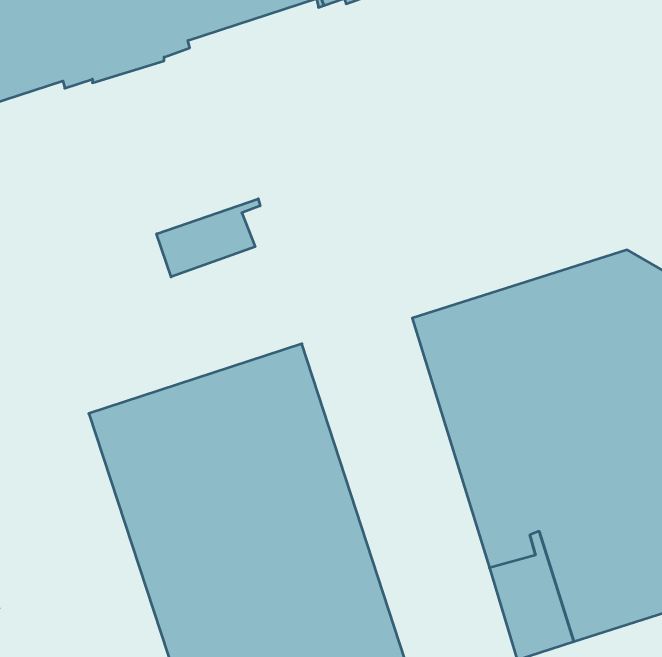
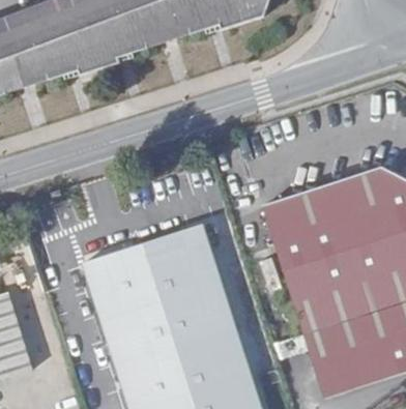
building: [157,199,260,277] -> none

